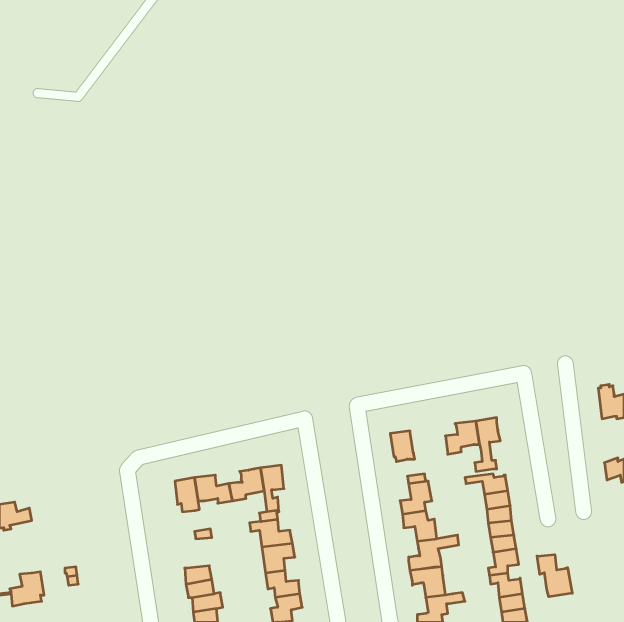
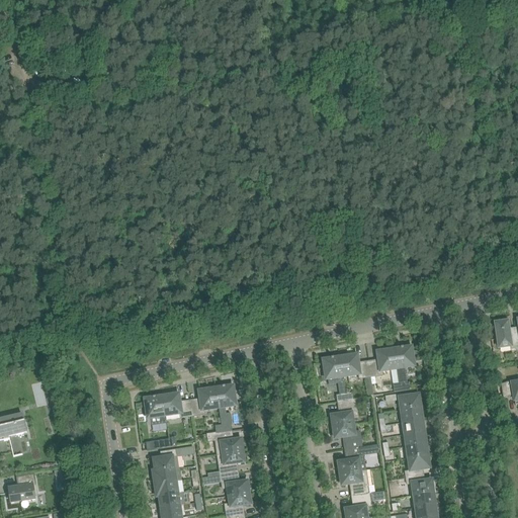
building: none -> [339,353,370,376]
building: none -> [154,445,193,469]
building: [537,555,572,597] -> none

